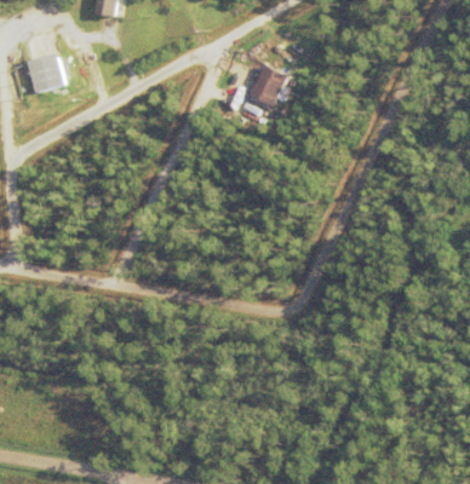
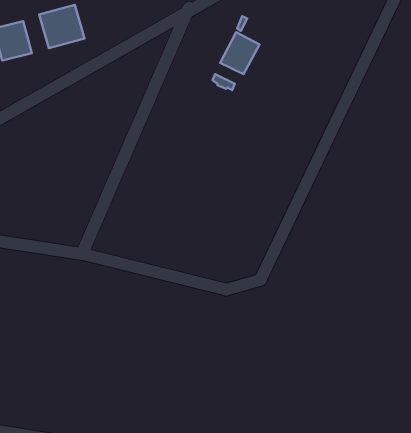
building: none -> [39,5,85,48]

